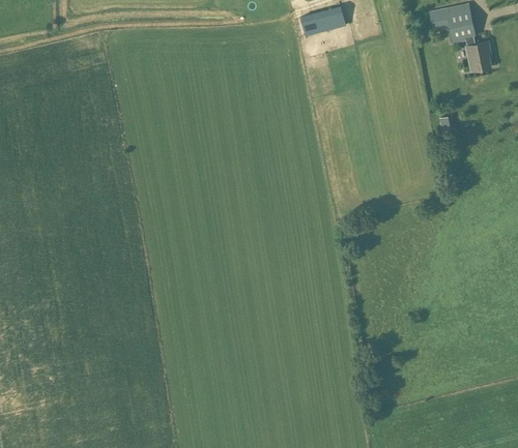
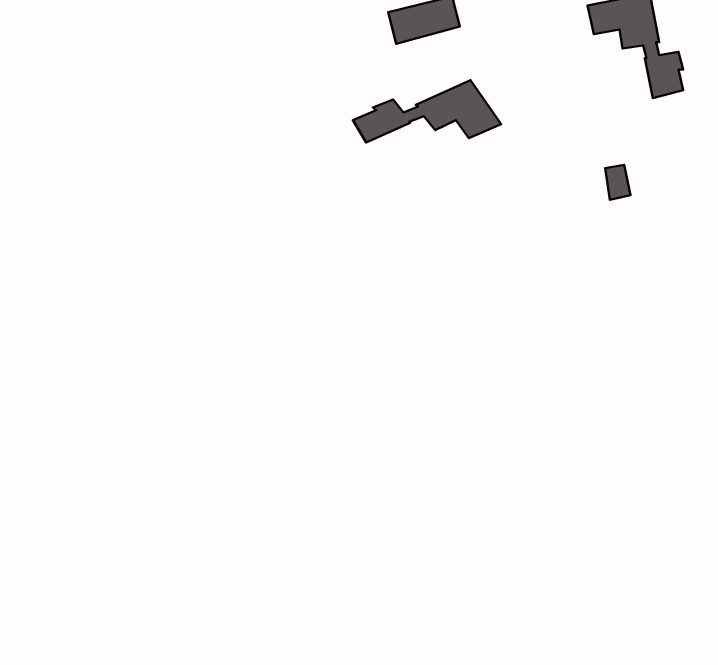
building: none -> [353,80,501,143]

